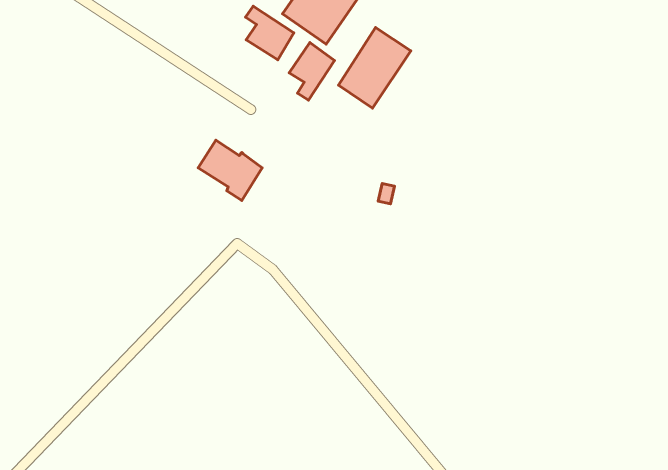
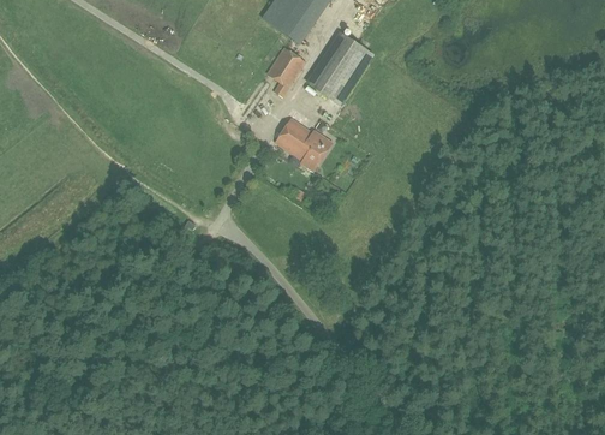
building: [245,6,294,60] -> none
building: [198,140,262,200] -> [276,118,333,171]

